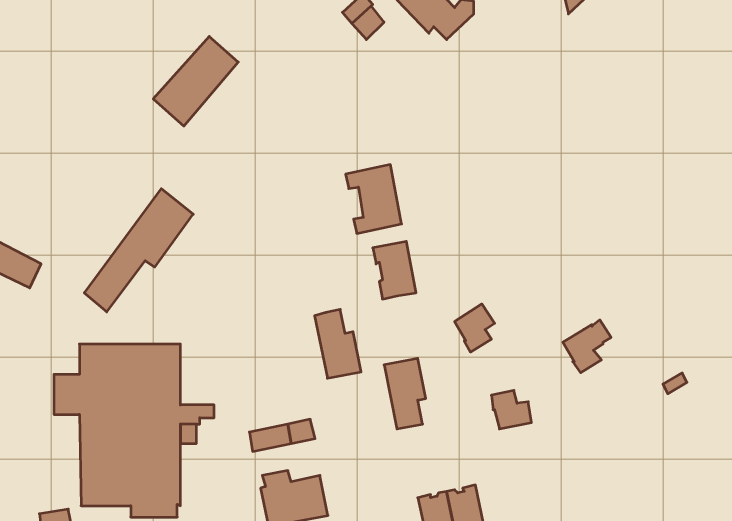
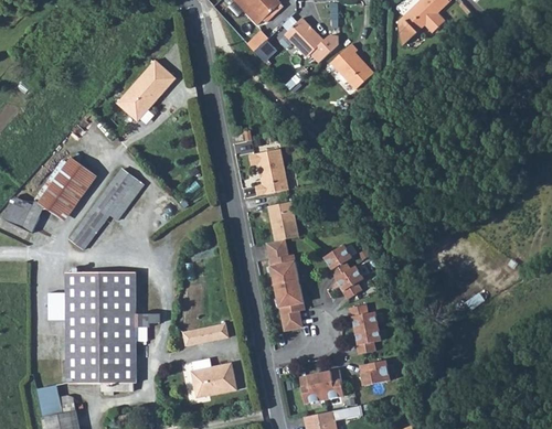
building: none -> [330,43,372,88]
building: none -> [39,155,96,219]
building: [315,309,361,378] -> [266,238,298,286]
building: [563,320,611,373] -> [335,261,368,298]
building: none -> [354,325,380,353]
building: none -> [359,360,389,385]

